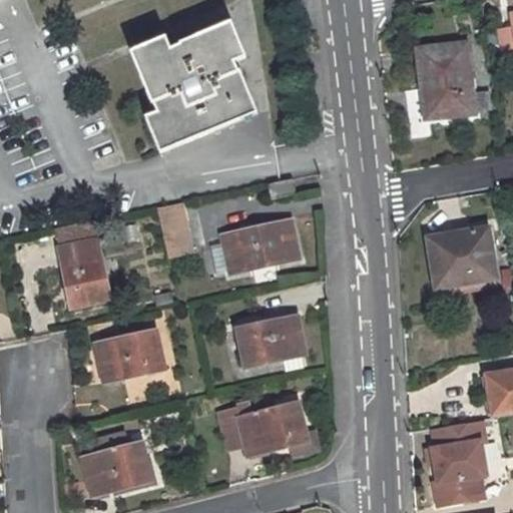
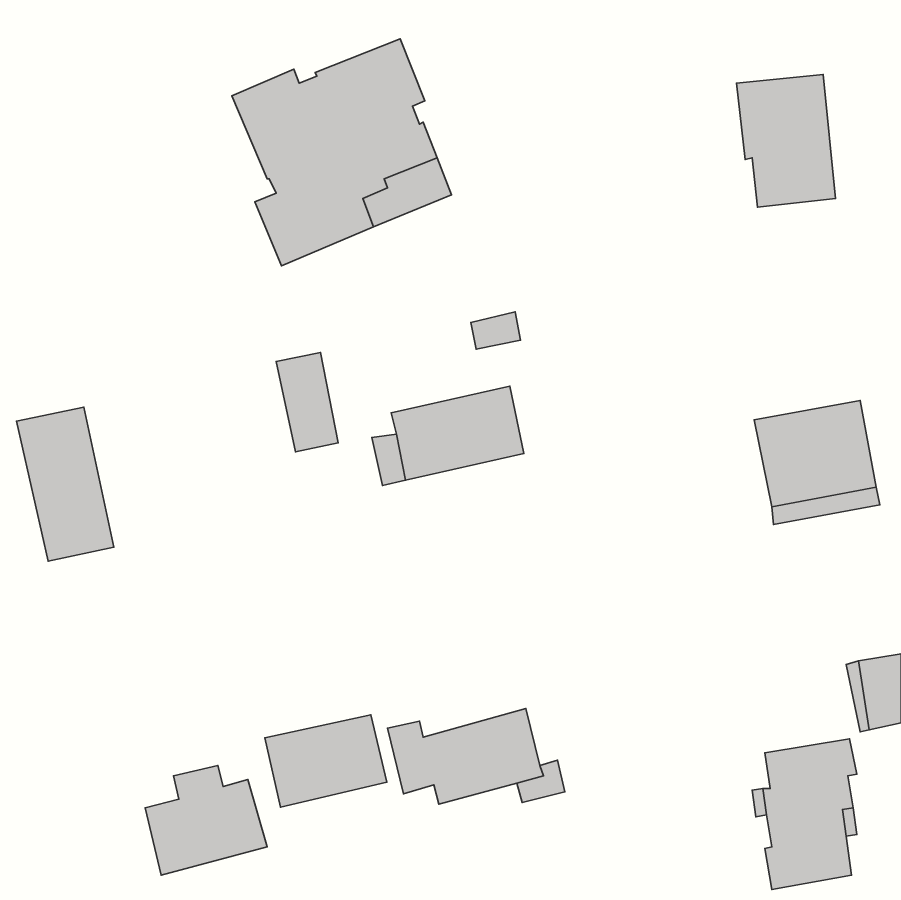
building: [54,217,109,305] -> [16,407,114,561]
building: [237,314,306,367] -> none
building: [94,330,163,382] -> [265,715,387,807]

